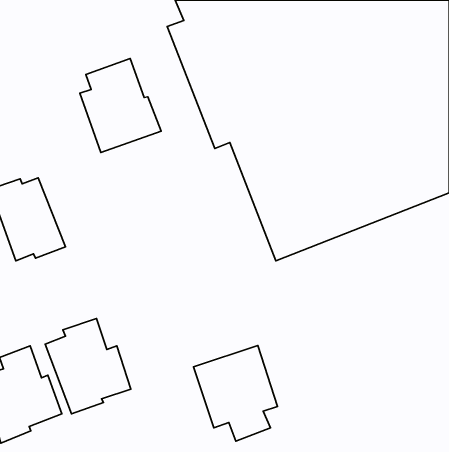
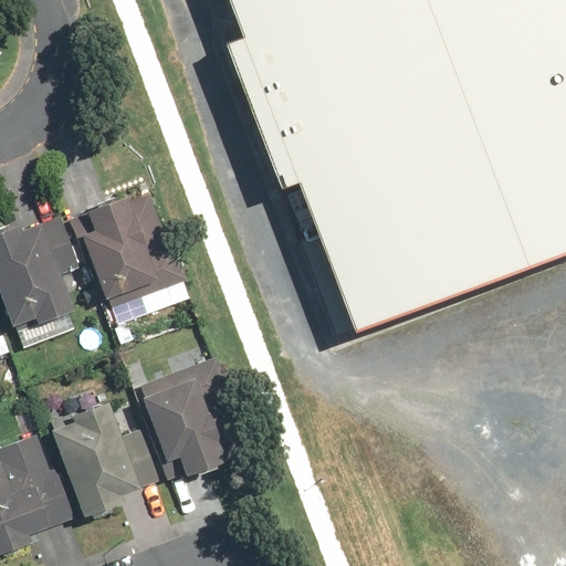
building: [80,59,161,152] -> [87,191,189,308]
building: [193,346,277,441] -> [139,358,244,478]

